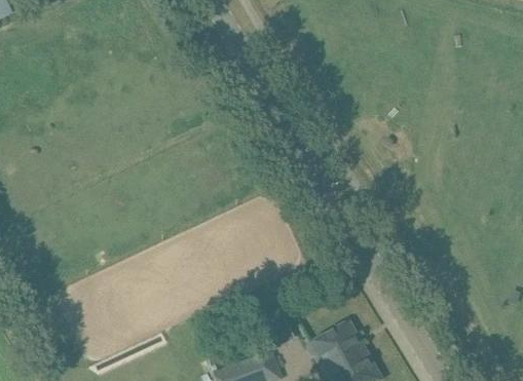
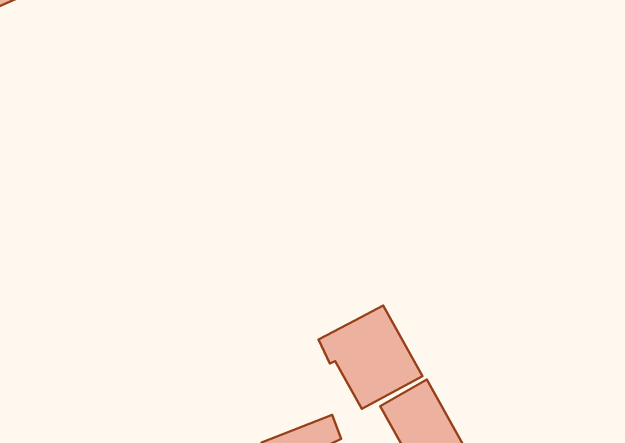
building: none -> [318,305,422,409]

